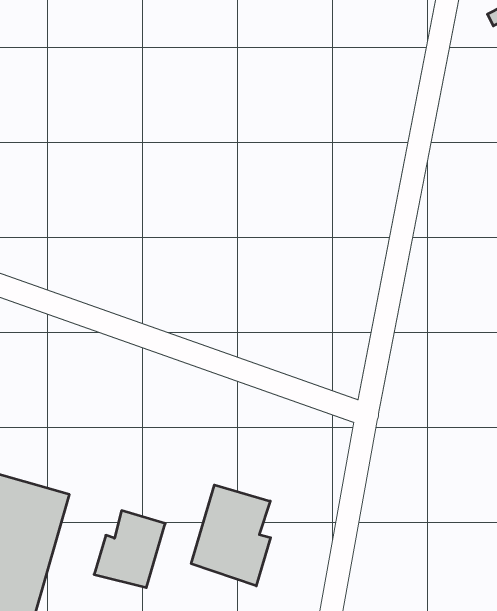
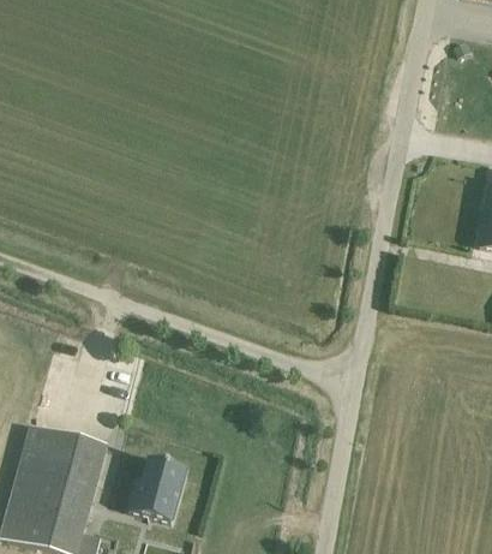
building: [191,485,271,586] -> none

